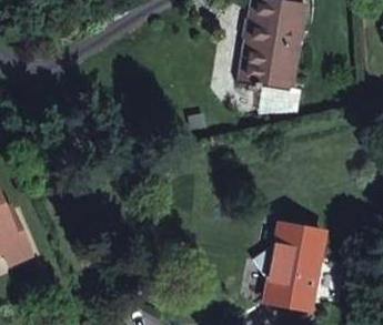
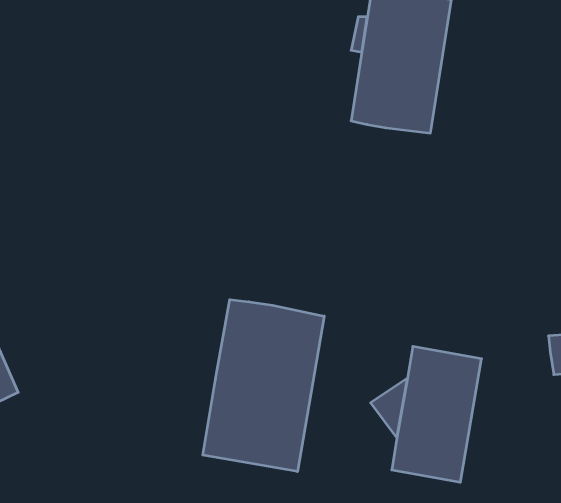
building: none -> [203,300,324,472]

